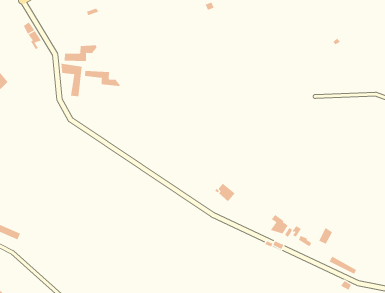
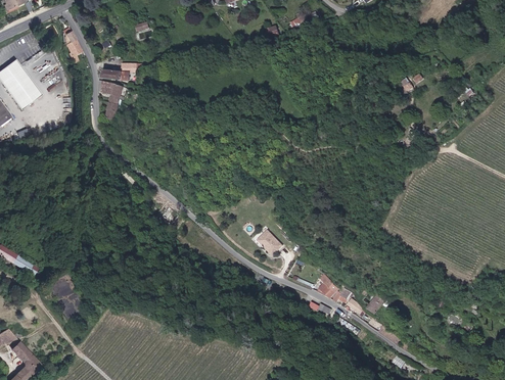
building: [85,70,120,87] -> none

